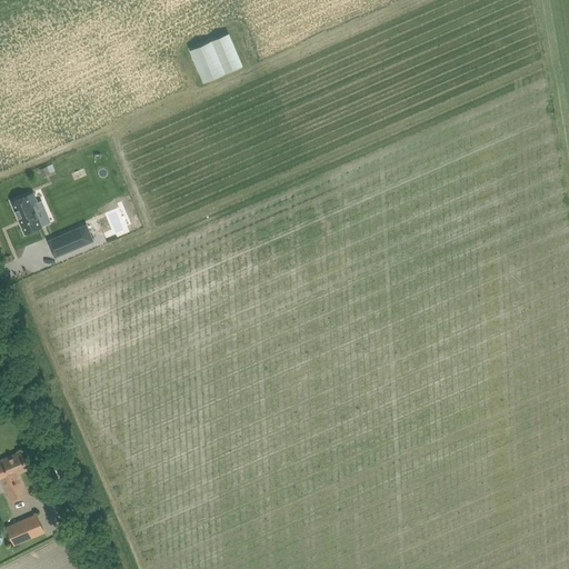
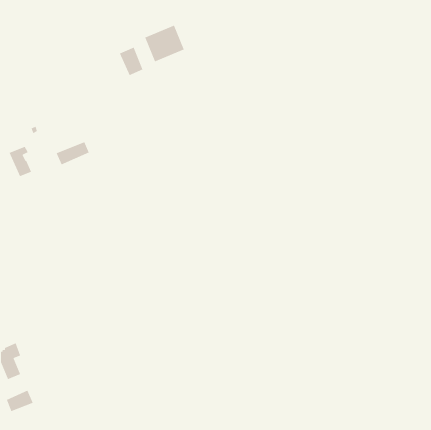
building: none -> [119,47,143,76]
building: [48,226,93,258] -> [55,141,90,165]

